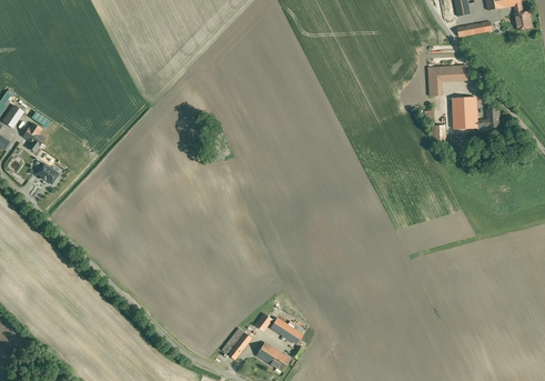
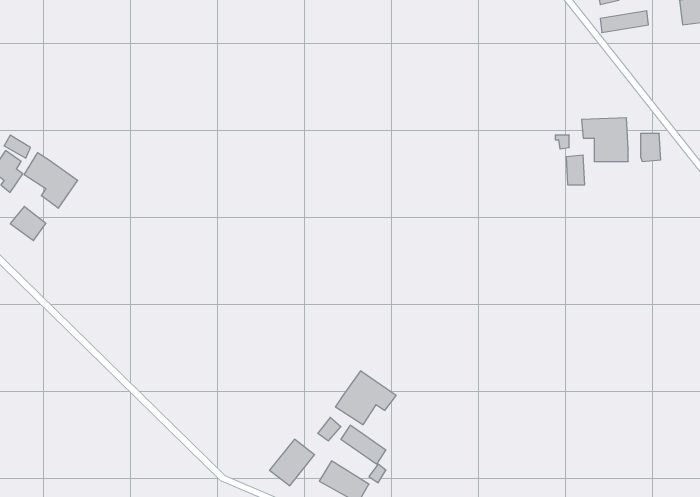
building: [427,66,468,97] -> none
building: none -> [24,153,78,208]
building: none -> [336,371,396,425]

